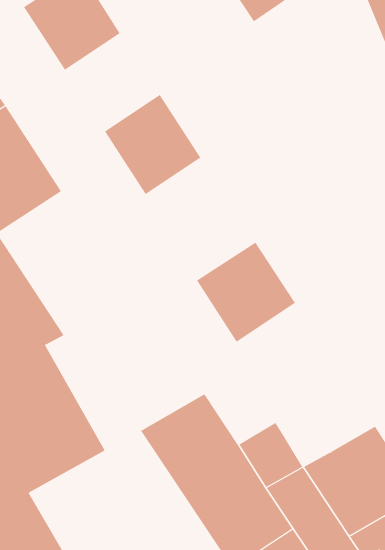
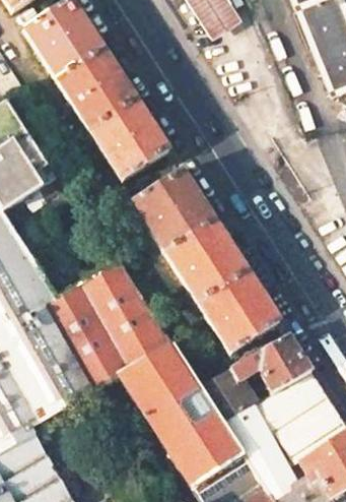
building: none -> [58,50,136,130]
building: none -> [132,169,214,252]
building: none -> [43,262,172,391]
building: none -> [198,270,280,354]
building: none -> [230,335,312,392]

